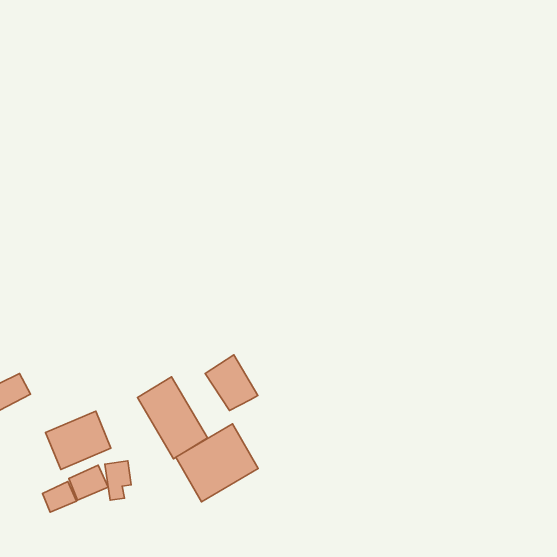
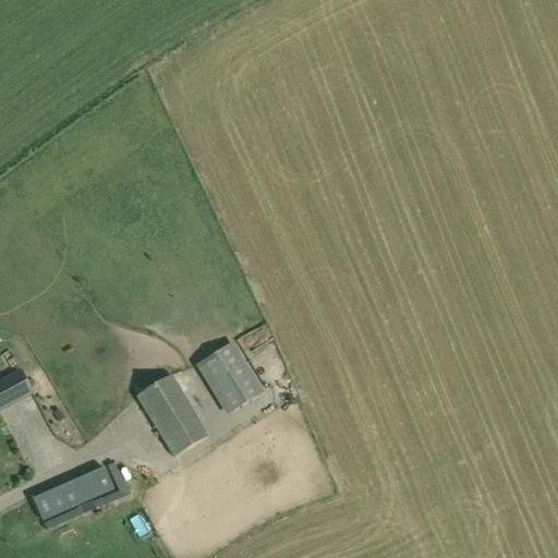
building: [45,411,111,470] -> none
building: [176,424,258,502] -> none

